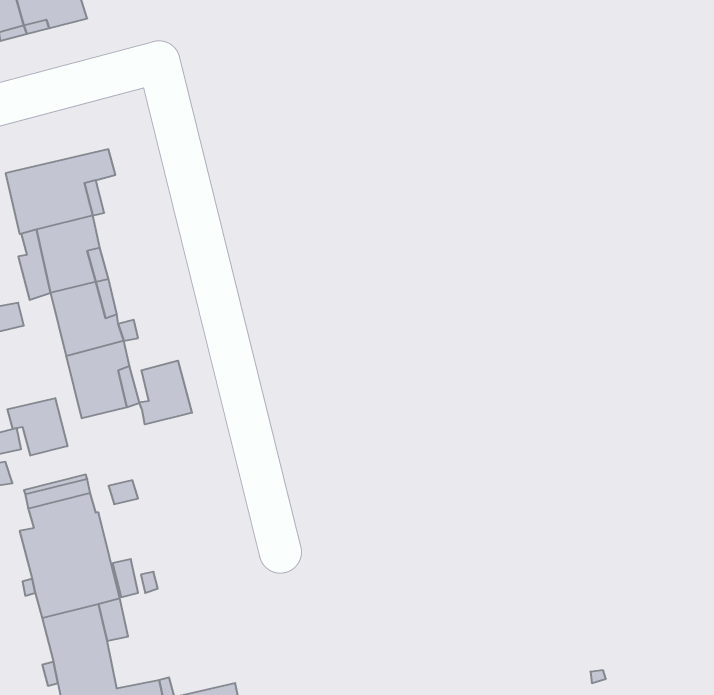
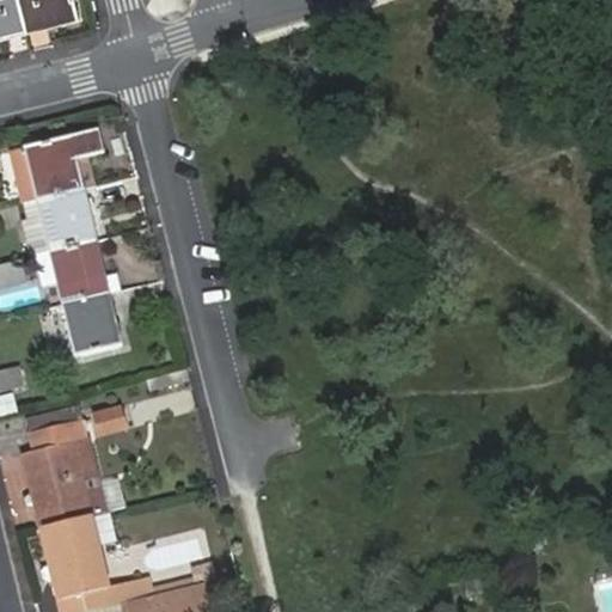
building: [139,361,192,424] -> none
building: [7,398,67,456] -> none

